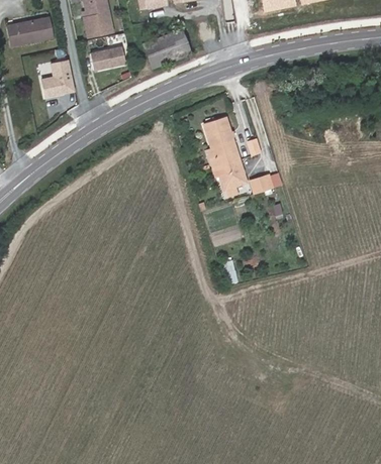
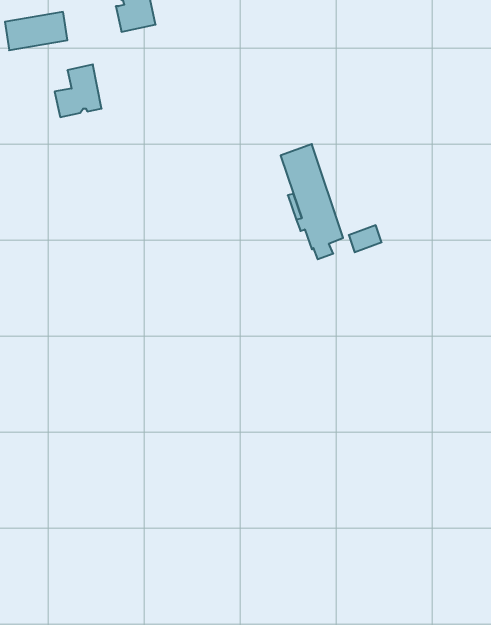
building: [138,30,186,70] -> none
building: [90,43,125,67] -> none

